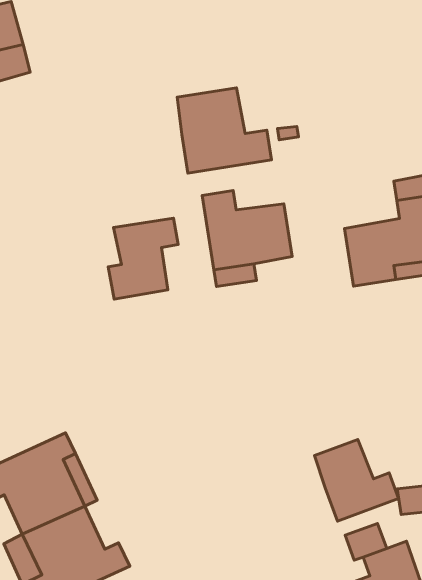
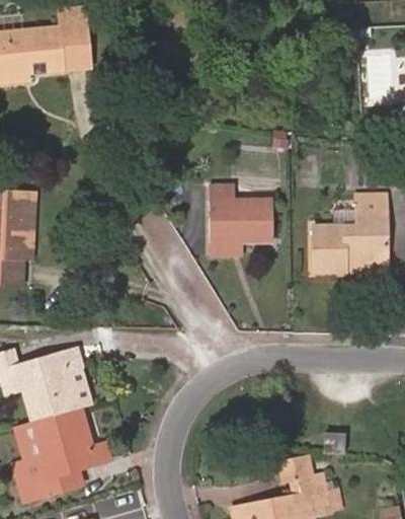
building: [177,88,271,173] -> none
building: [108,218,178,299] -> none
building: [314,440,399,521] -> none

